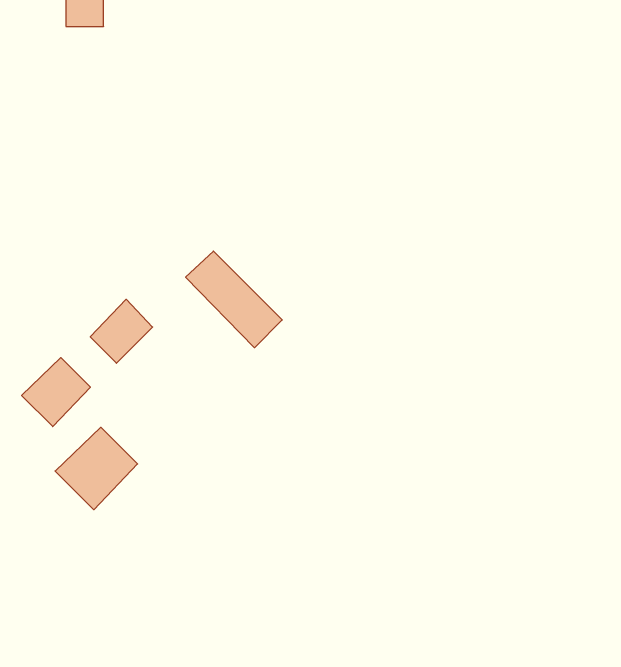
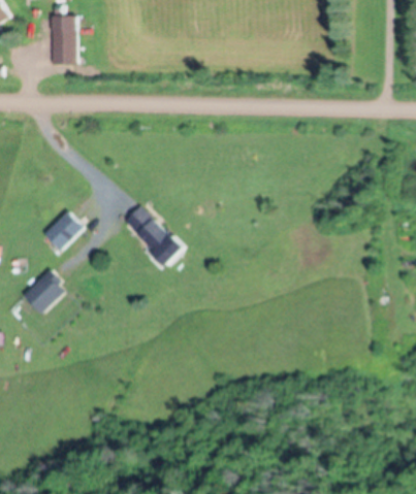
building: [90,299,153,363] -> [44,210,84,251]
building: [55,427,138,510] -> none

